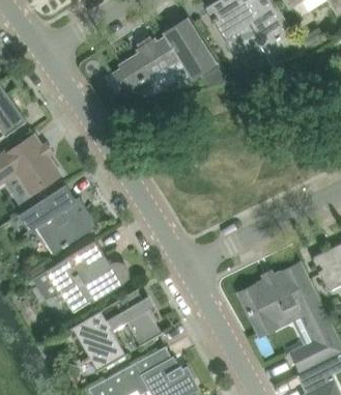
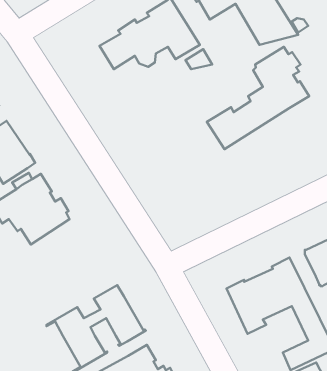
building: none -> [207,47,309,149]
building: [47,242,127,307] -> none

